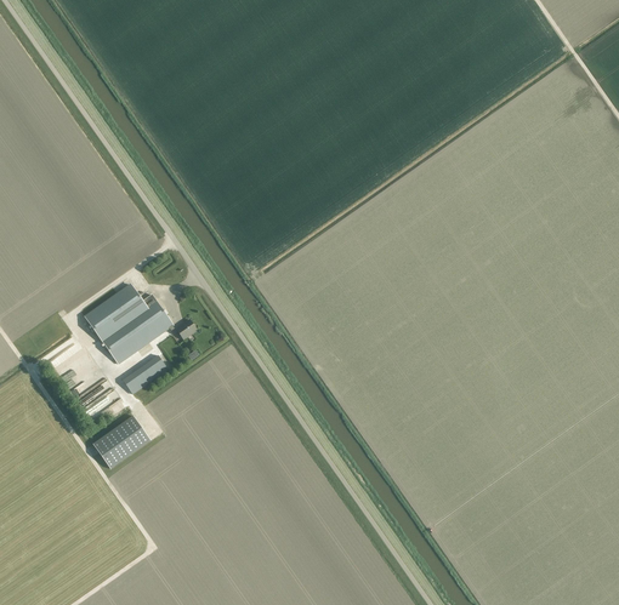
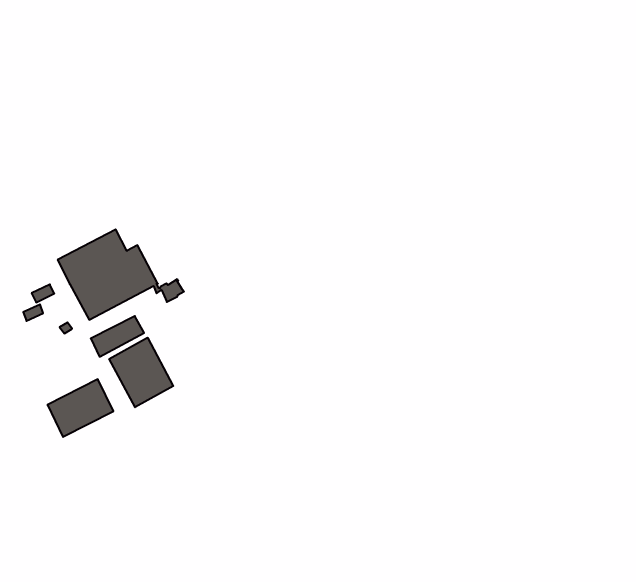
building: none -> [109,338,173,407]

